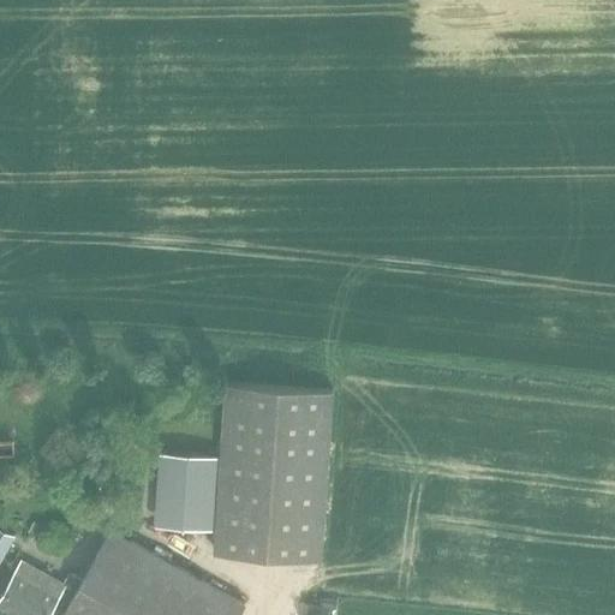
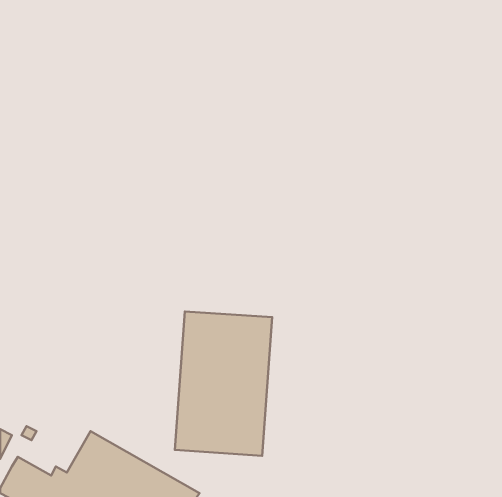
building: [156,455,217,533] -> none

